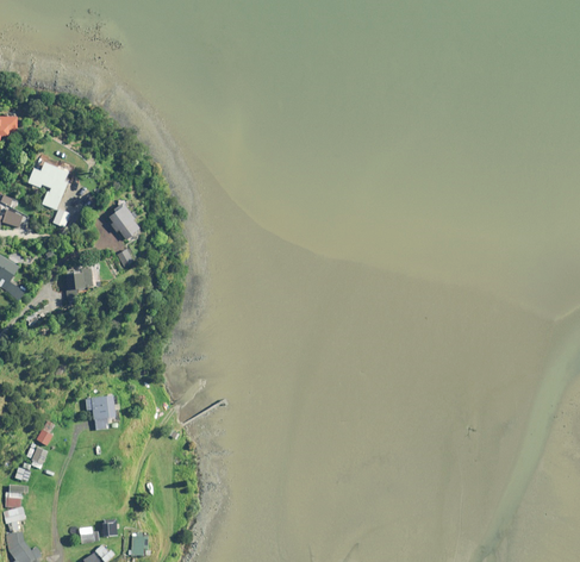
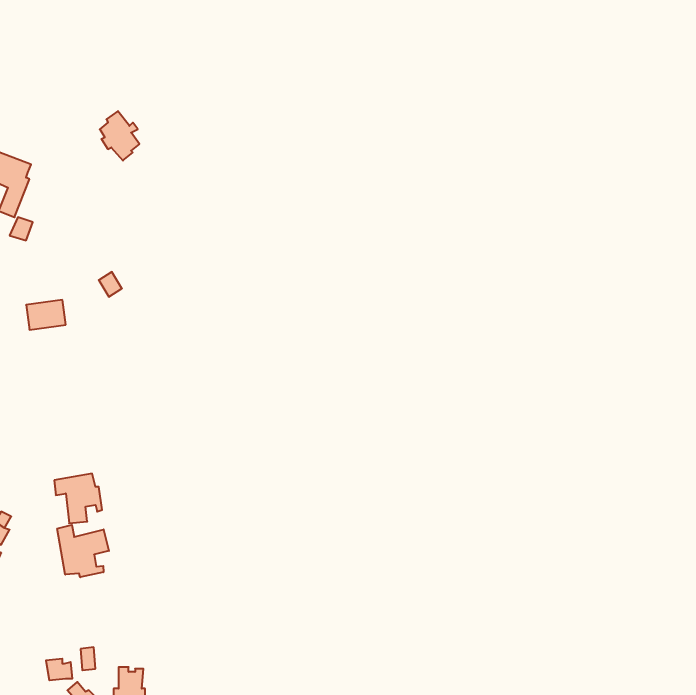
building: [110,204,138,239] -> [100,111,139,161]
building: none -> [57,525,109,577]

